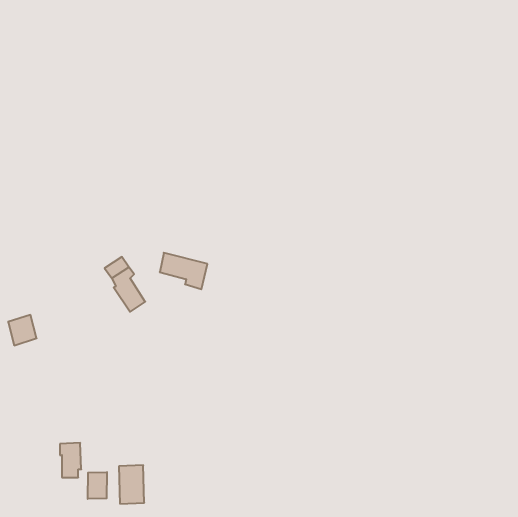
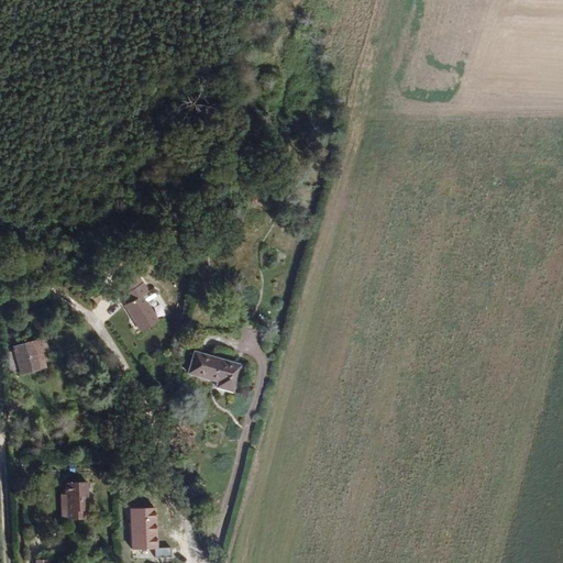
building: [160,253,207,289] -> [194,353,245,393]
building: [88,472,107,499] -> none

